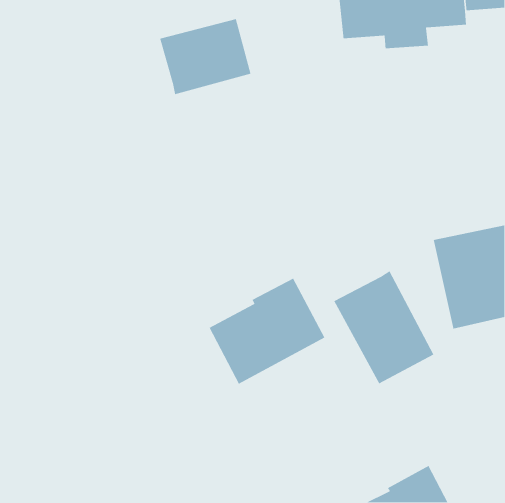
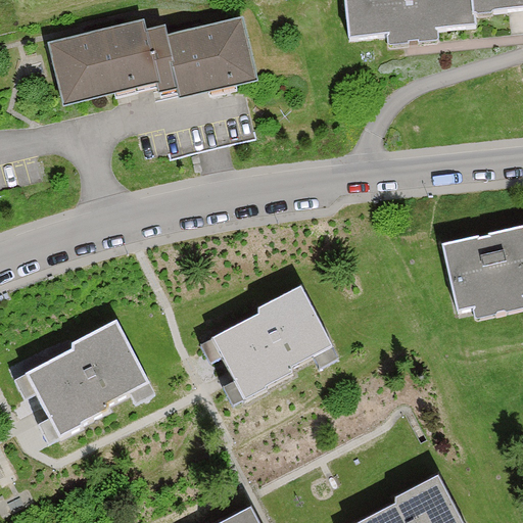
building: none -> [49,20,176,103]
building: [333,270,435,385] -> none
building: none -> [27,322,147,431]

